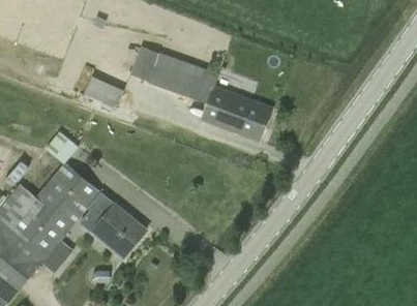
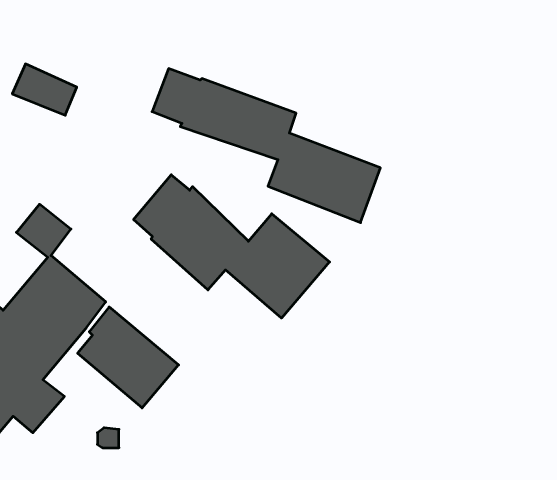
building: [83,75,123,108] -> [12,64,77,115]
building: none -> [134,175,330,318]

